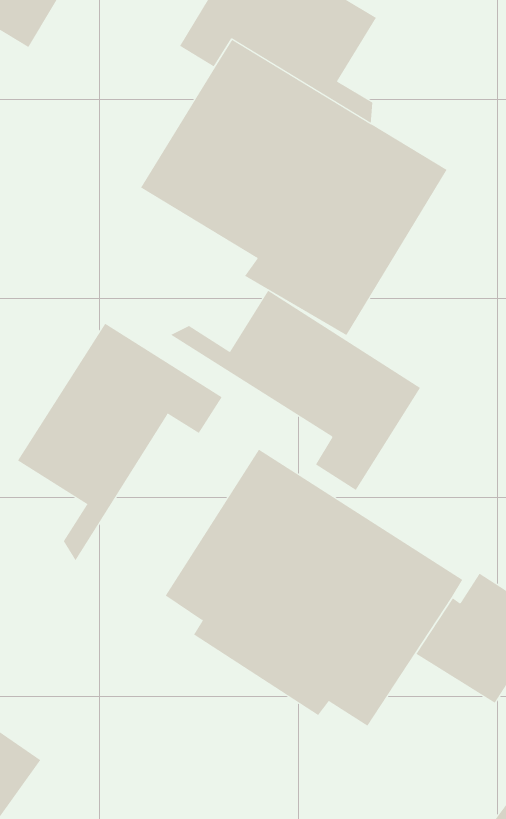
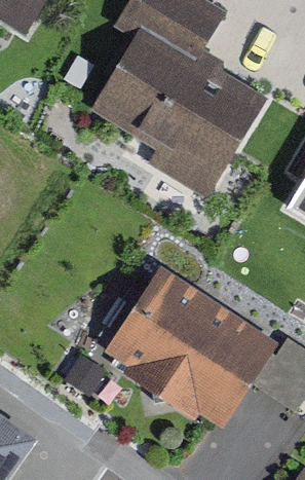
building: [170,290,421,491] -> none
building: [17,323,222,561] -> none

